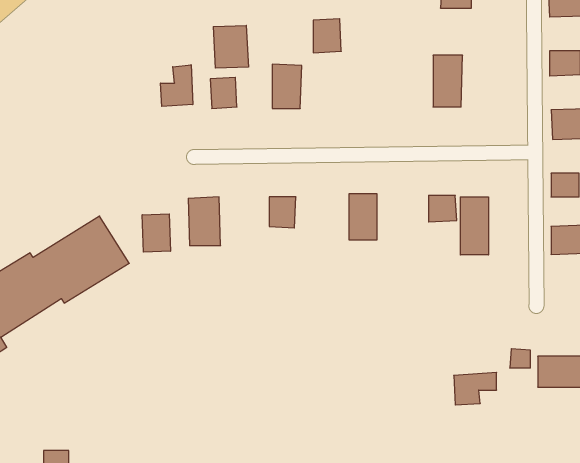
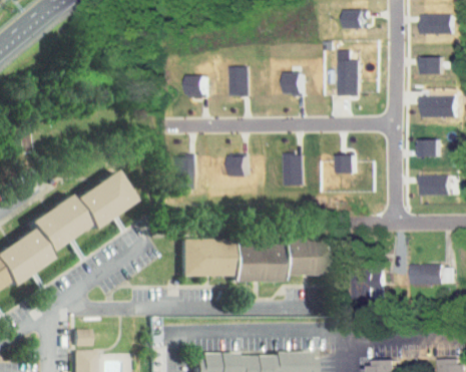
building: [313,19,341,53] -> [286,72,305,95]
building: [213,25,248,68] -> none
building: [161,65,193,106] -> none
building: [460,197,488,255] -> none
building: [142,214,170,252] -> none
building: none -> [178,240,326,282]

